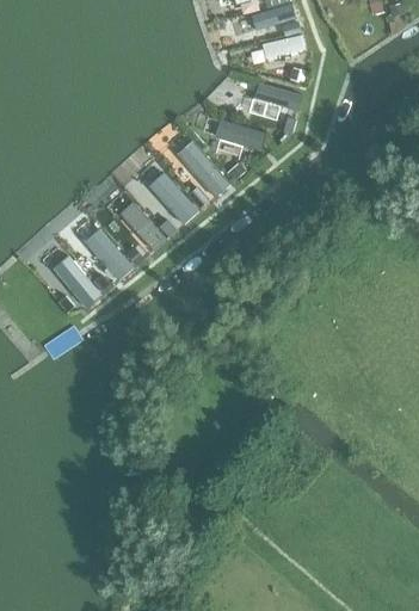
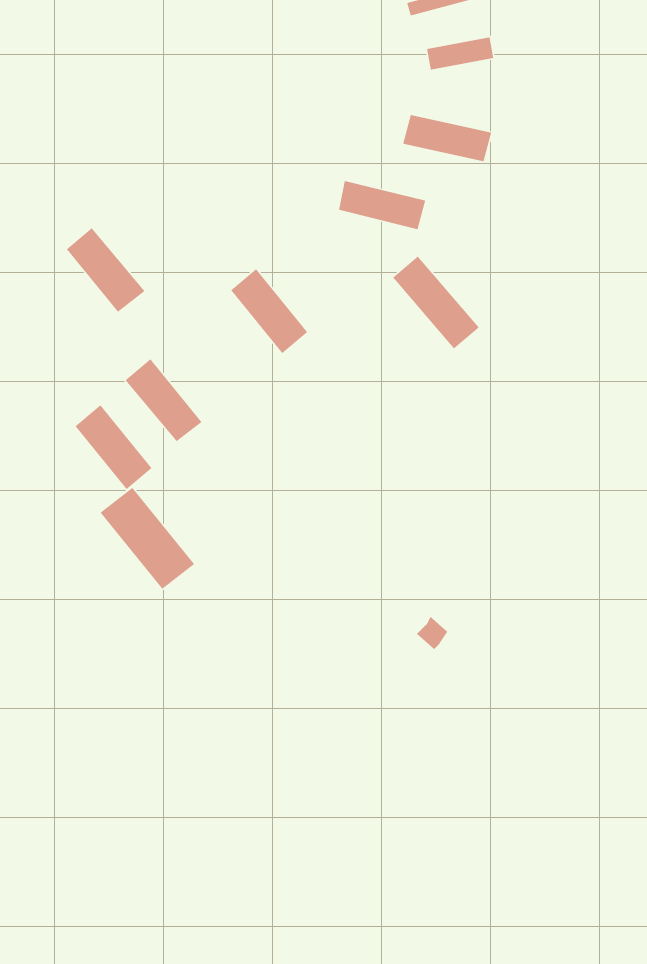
building: [177,141,229,197] -> [392,256,480,349]
building: [118,199,166,251] -> [66,227,146,313]
building: none -> [99,487,195,590]

